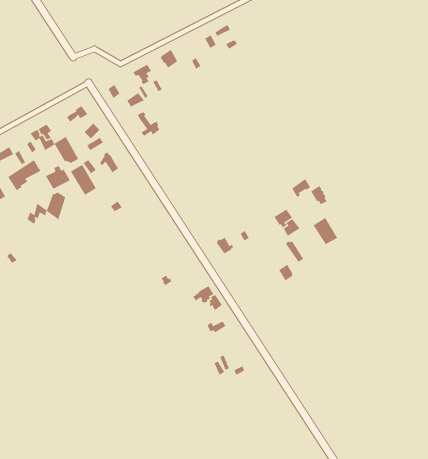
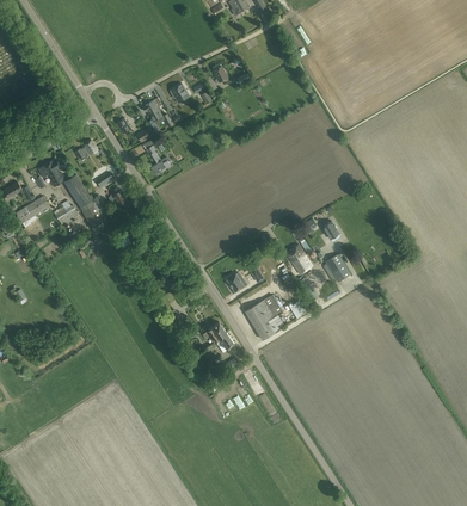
building: [26,191,66,225] -> none
building: none -> [244,295,283,339]

